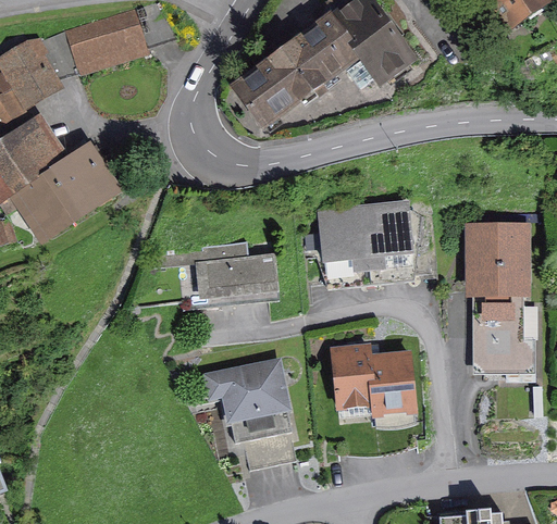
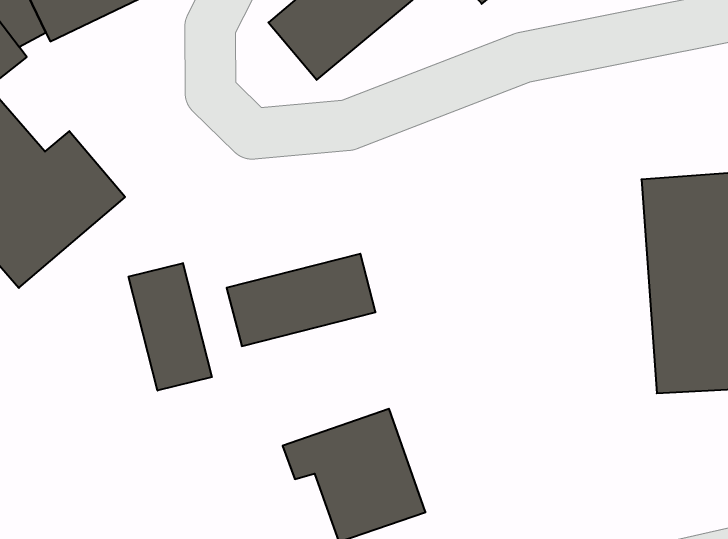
building: [315,200,416,279] -> none
building: none -> [129,263,212,391]
building: [332,338,420,427] -> none

